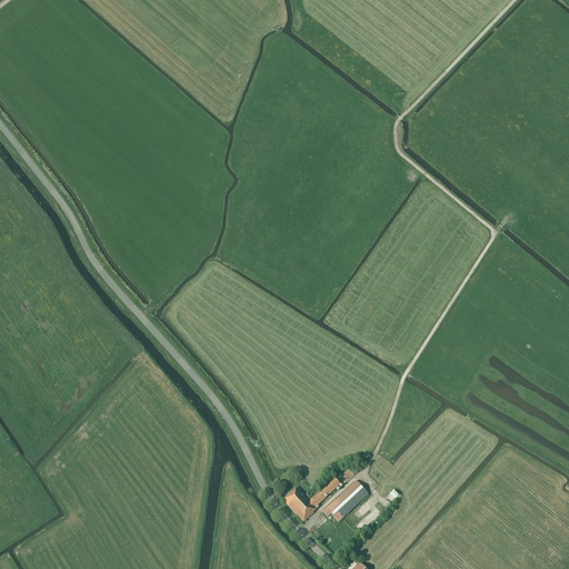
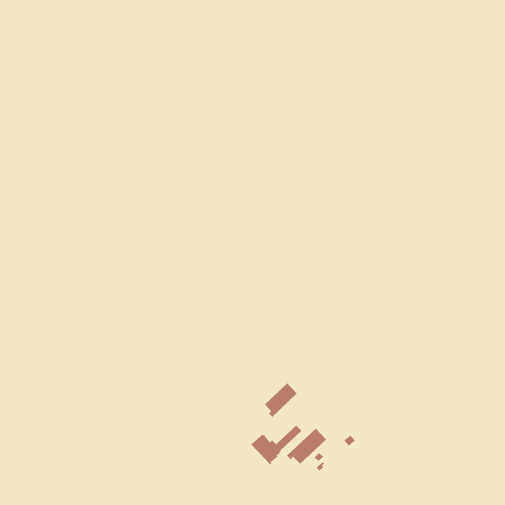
building: none -> [264,383,298,418]

